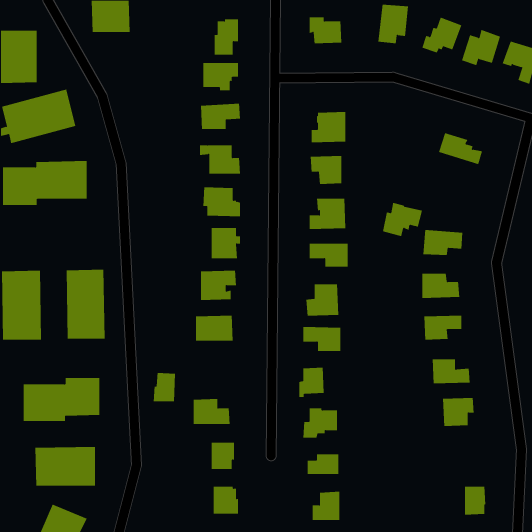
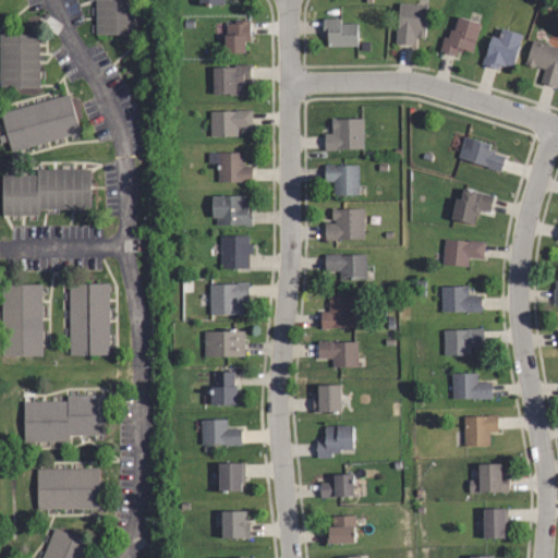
building: [382,202,423,237] -> [451,189,494,225]
building: [153,373,176,402] -> [213,375,236,405]
building: none -> [468,461,508,493]

